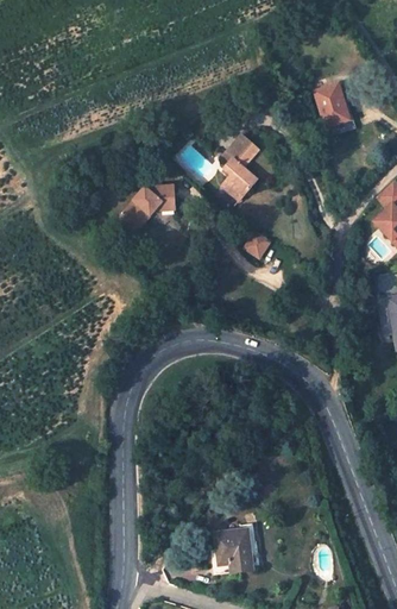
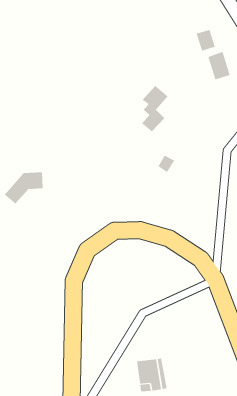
building: none -> [196,29,216,51]
building: [118,187,175,233] -> [4,172,44,204]

